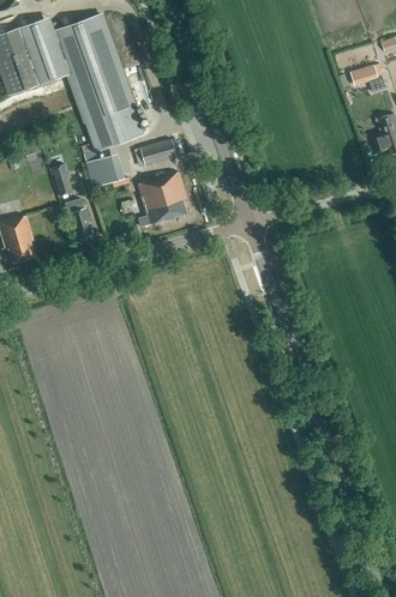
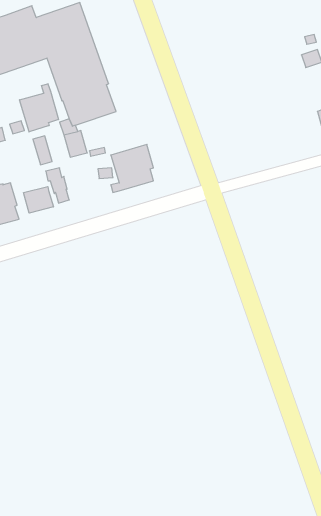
building: none -> [20,84,58,132]
building: [139,138,176,164] -> none
building: none -> [24,187,53,213]

